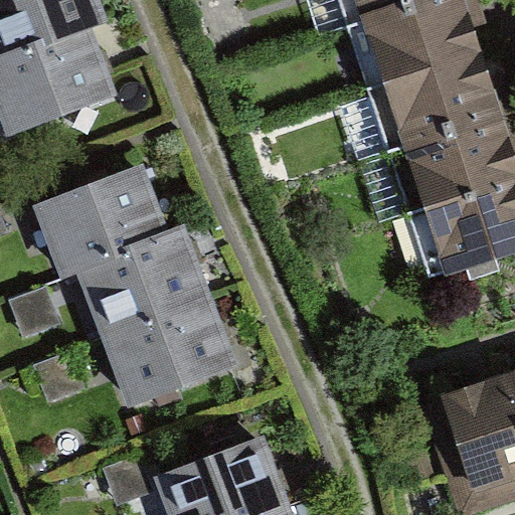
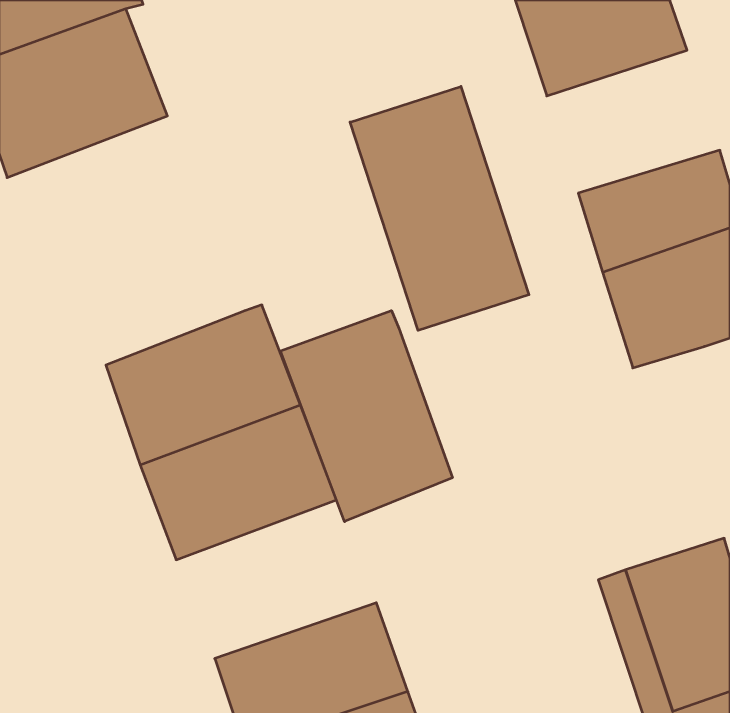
building: [384,48,506,149] -> none
building: none -> [350,86,529,330]
building: [32,161,172,275] -> none
building: none -> [281,311,452,522]

